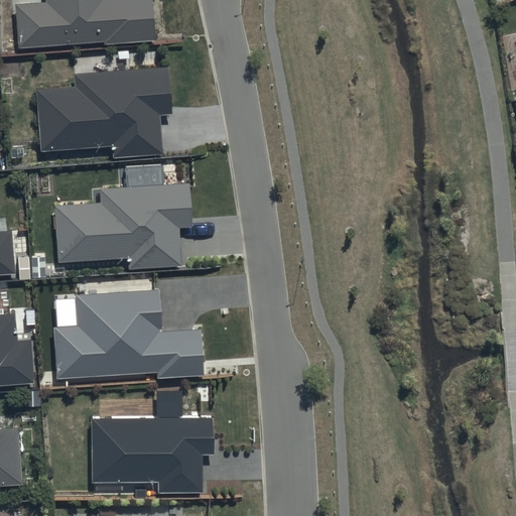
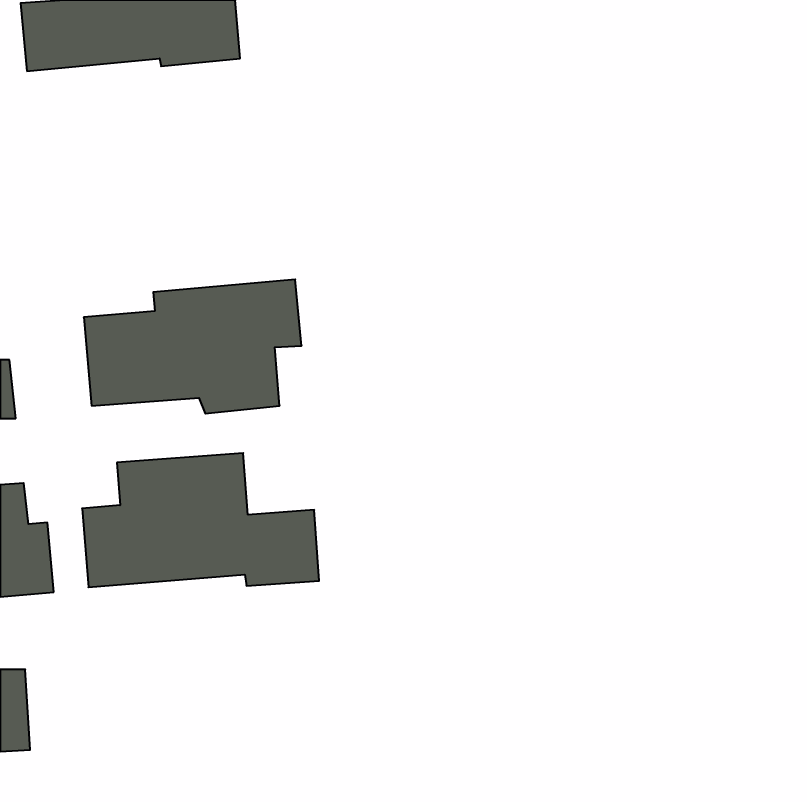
building: [36,68,168,152] -> none
building: [91,416,213,491] -> none

